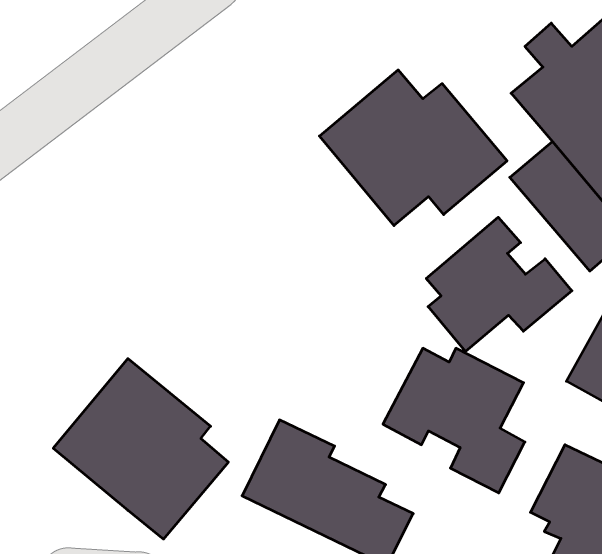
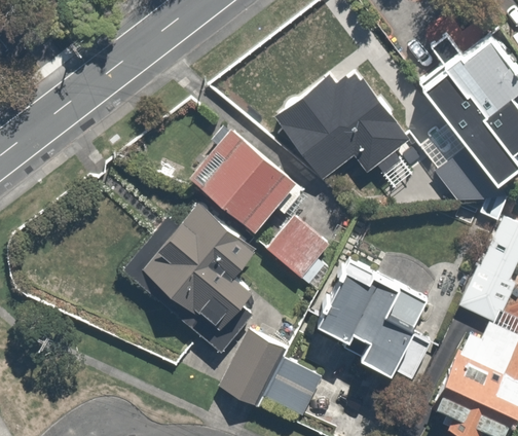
building: none -> [193,129,327,288]
building: [426,217,572,351] -> none
building: [53,359,228,539] -> [142,204,272,338]

